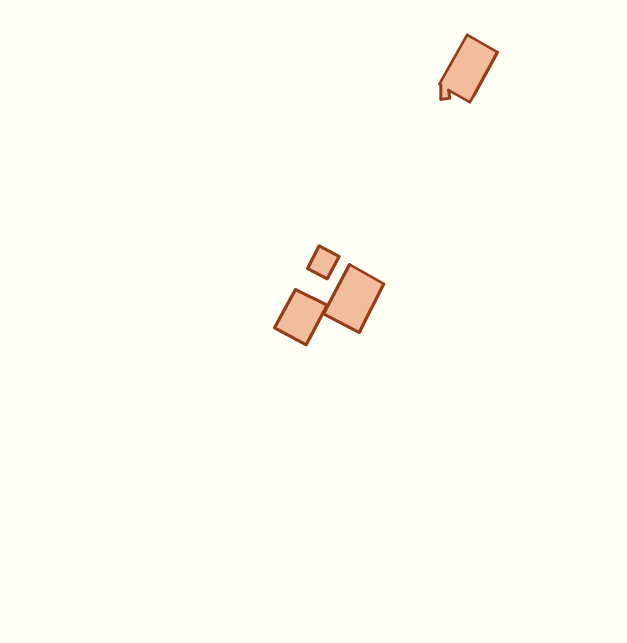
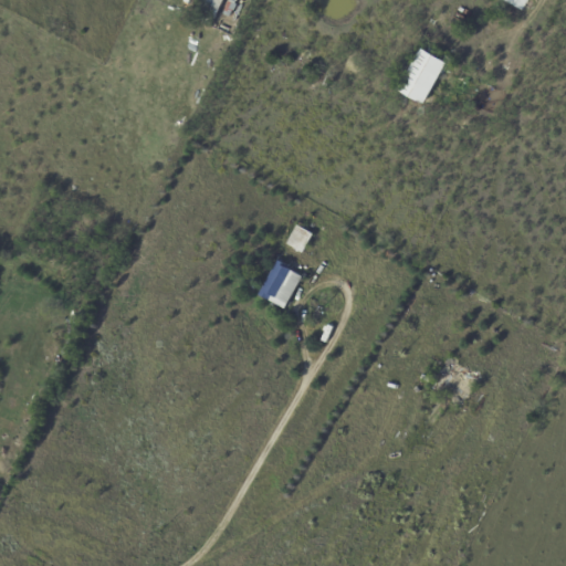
building: [323,264,384,333] -> none

